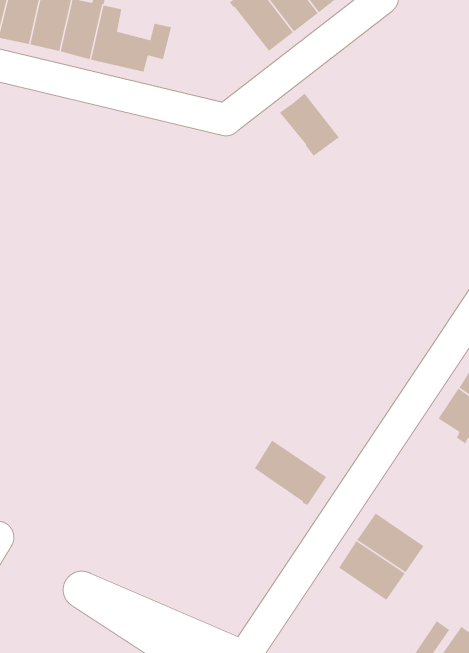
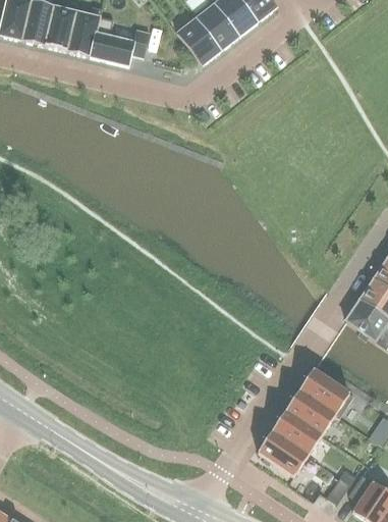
building: [279,93,340,157] -> [177,17,222,64]
building: [254,440,327,506] -> [300,368,354,417]
building: none -> [259,430,309,476]

